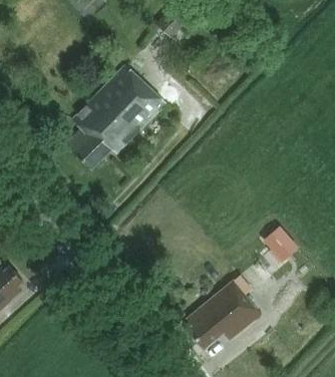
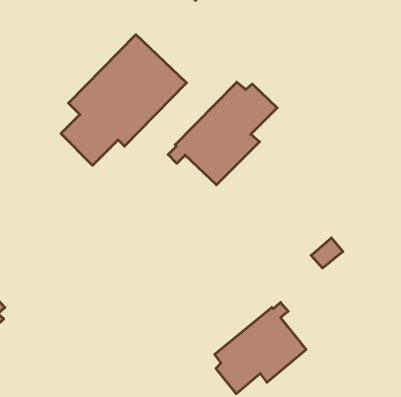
building: none -> [168,82,277,185]

